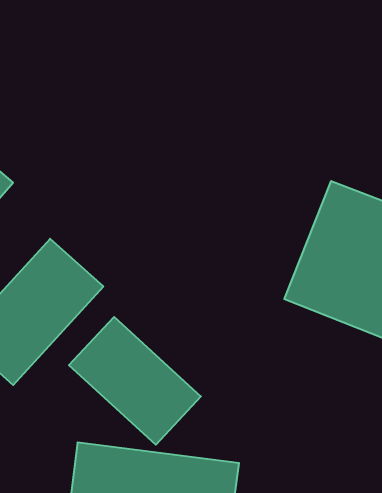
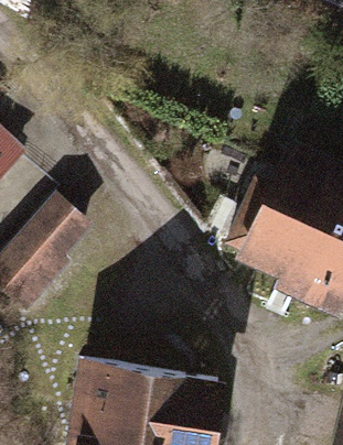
building: [69,317,201,445] -> none

